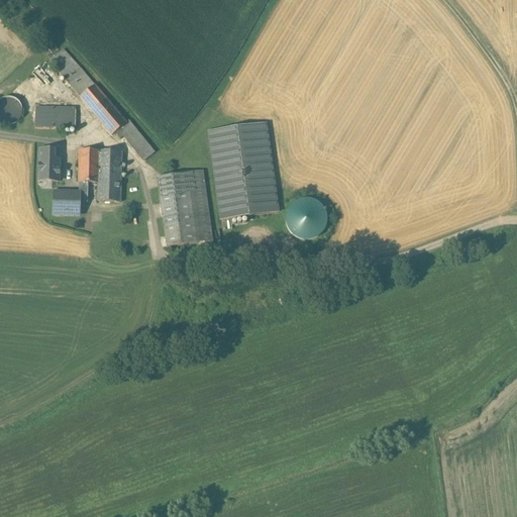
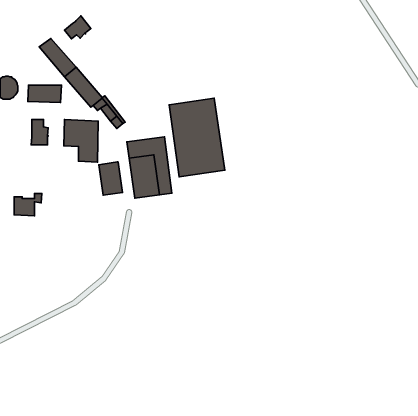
building: none -> [64,16,91,39]
building: [54,186,88,213] -> [14,194,42,216]
building: [285,197,326,237] -> none
building: none -> [99,162,122,195]

